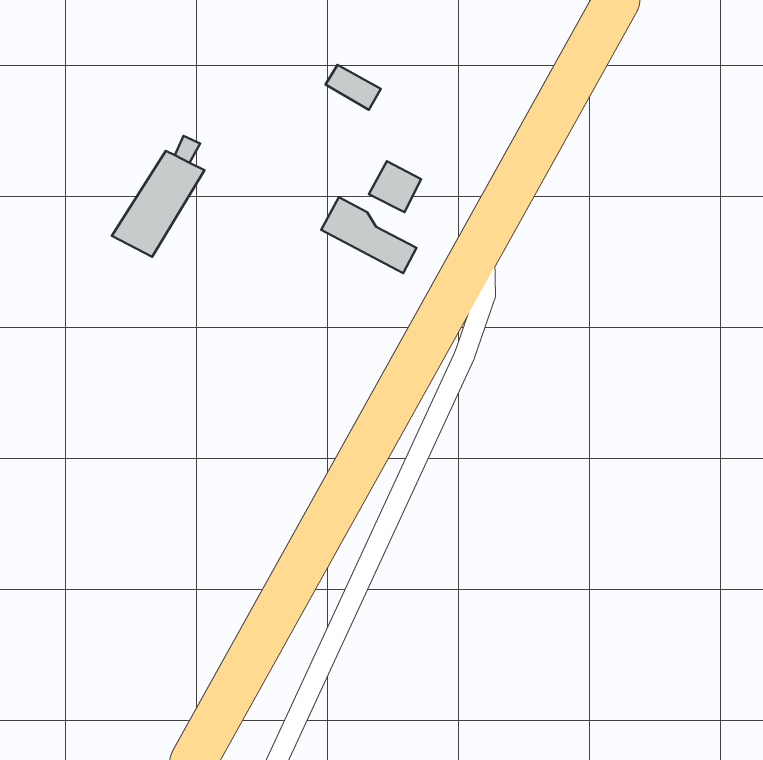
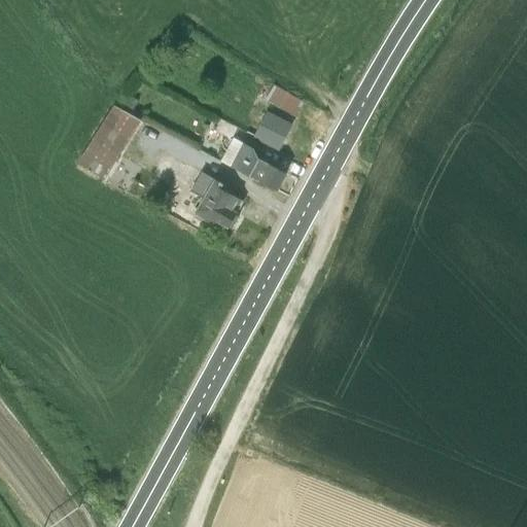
building: [325,65,381,110] -> [266,86,304,117]
building: none -> [190,172,240,227]

